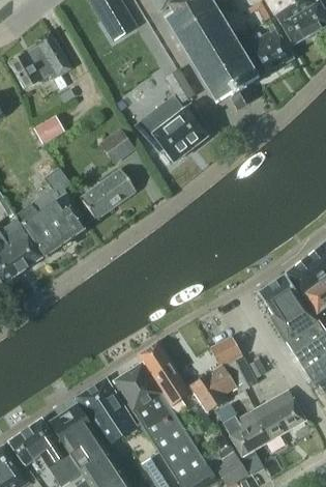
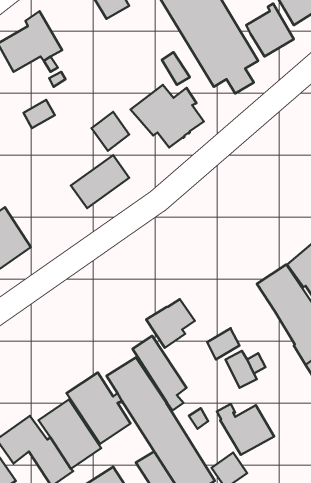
building: [17,168,85,257] -> none
building: [188,366,235,412] -> [146,299,195,348]
building: [256,390,304,438] -> none

